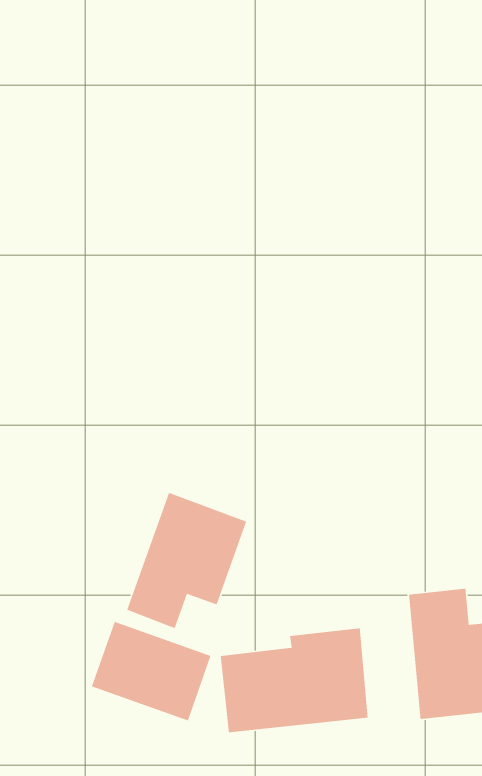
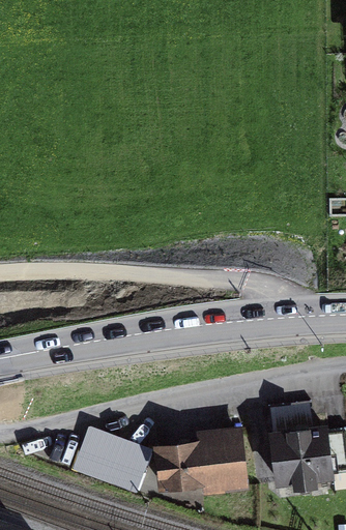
building: [126,492,247,629] -> none

